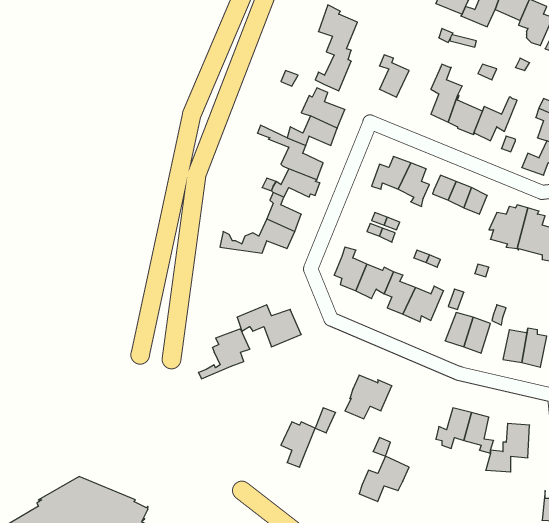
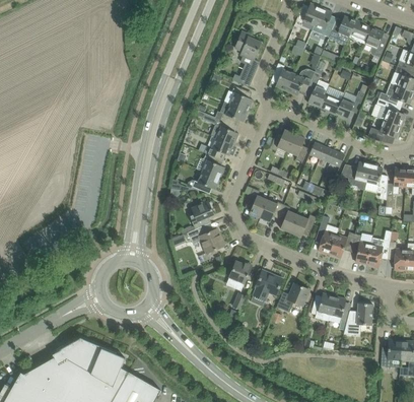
building: none -> [286,69,315,96]
building: [198,329,250,379] -> [181,202,214,234]
building: [281,422,315,467] -> [229,262,252,291]
building: [359,456,409,502] -> [277,283,309,313]

